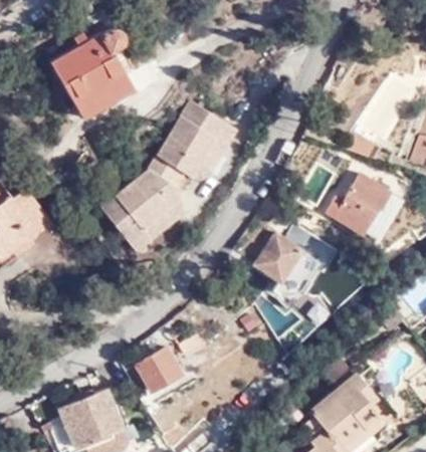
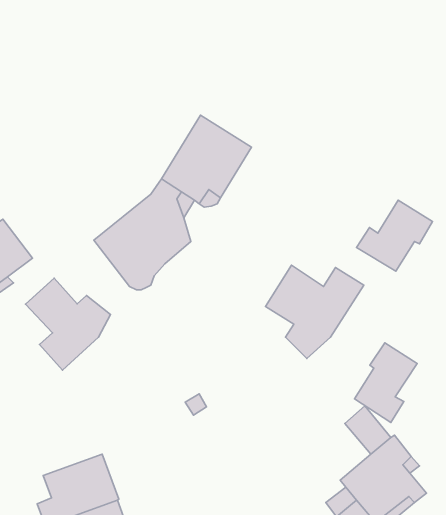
building: [52,28,135,119] -> none
building: none -> [25,278,111,370]
building: none -> [355,343,417,423]
building: [136,347,183,392] -> none

